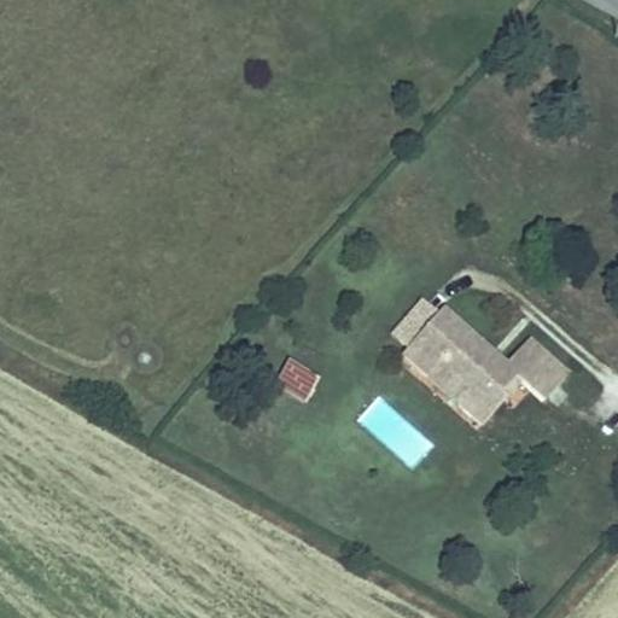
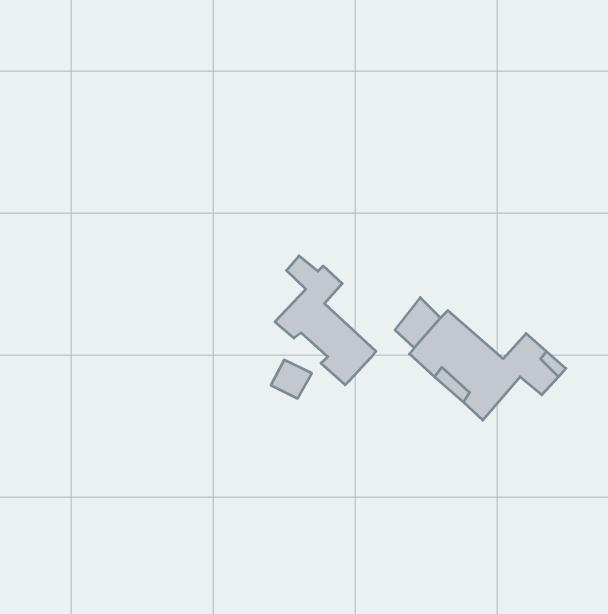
building: none -> [275,256,376,385]

